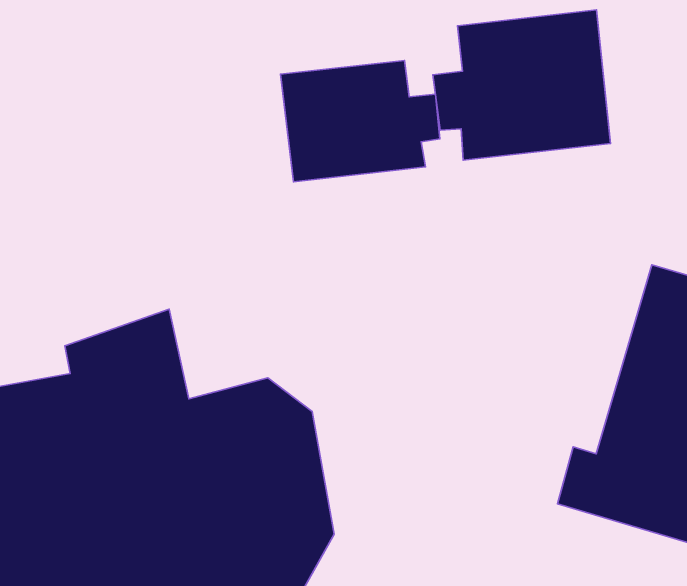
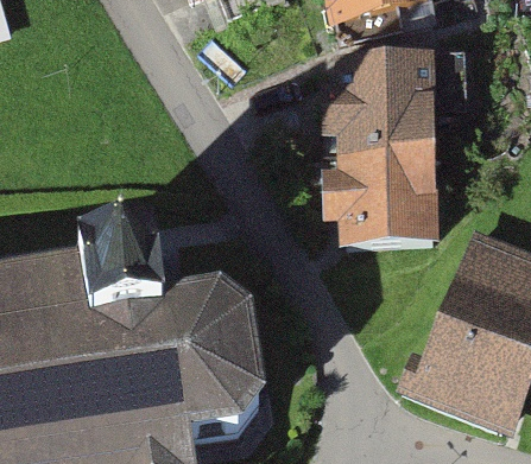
building: [280,60,440,182] -> none
building: none -> [333,148,449,247]

